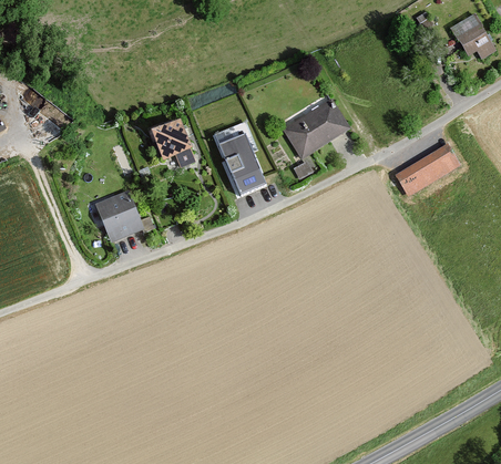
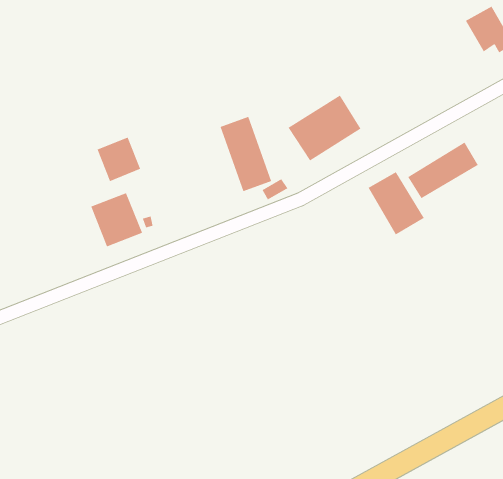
building: [151,118,193,162] -> [96,136,141,182]
building: none -> [368,171,425,236]

